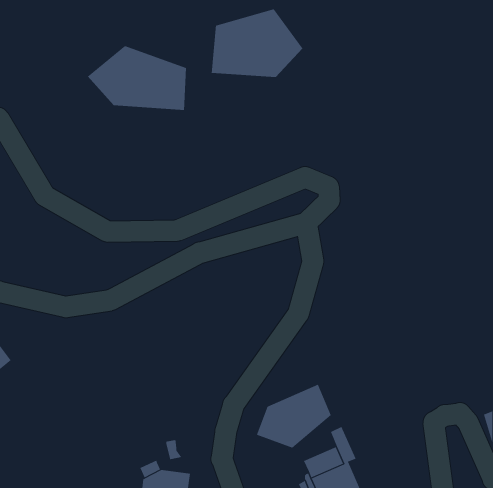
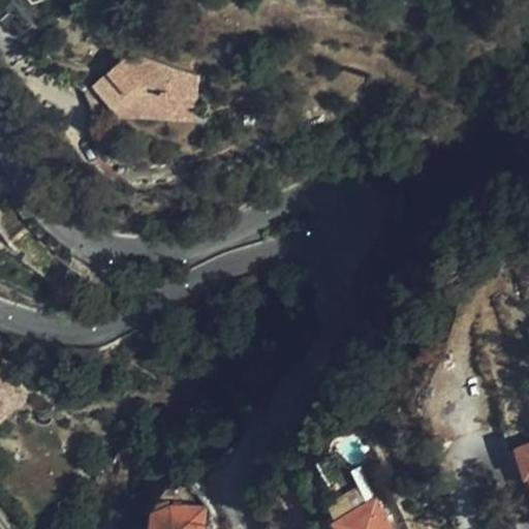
building: [211,8,303,78] -> none
building: [256,384,331,449] -> none

